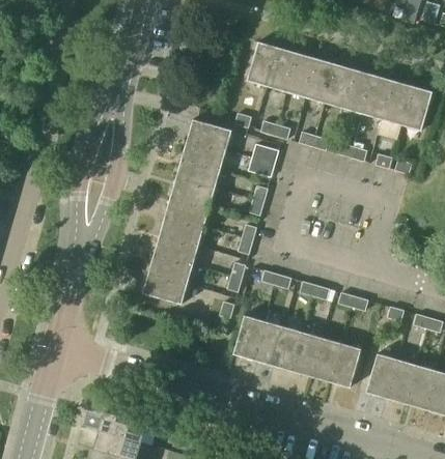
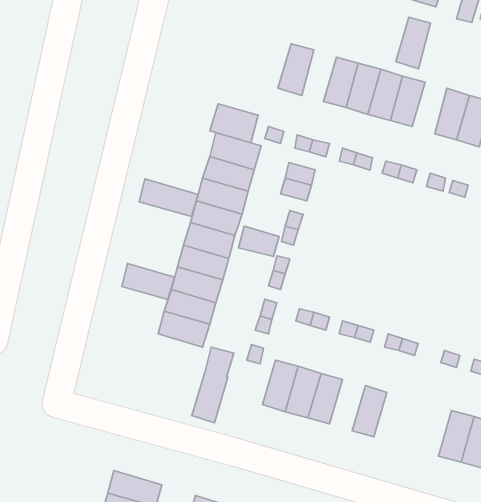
building: [267,47,297,91] -> none
building: [362,75,392,119] -> [396,17,430,69]
building: none -> [210,104,258,143]
building: none -> [139,179,198,217]
building: none -> [239,226,279,257]
building: none -> [122,264,175,300]
building: [290,311,327,376] -> [192,347,234,423]
building: [329,343,361,388] -> none
building: [365,353,396,398] -> none

